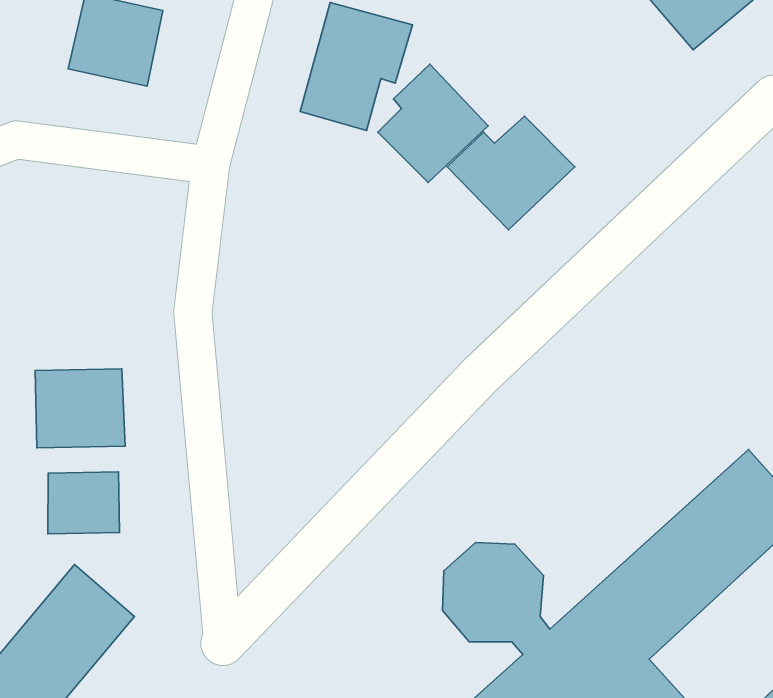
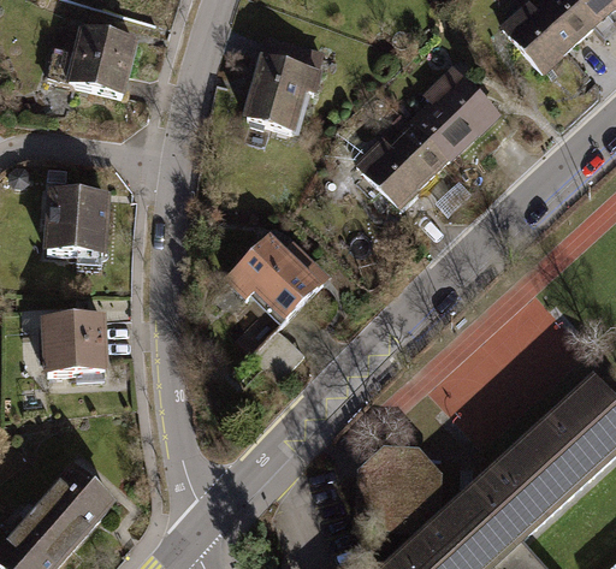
building: [378,64,488,183] -> [414,70,498,160]
building: none -> [46,189,112,255]
building: none -> [223,232,321,368]
building: [48,472,120,534] -> none

